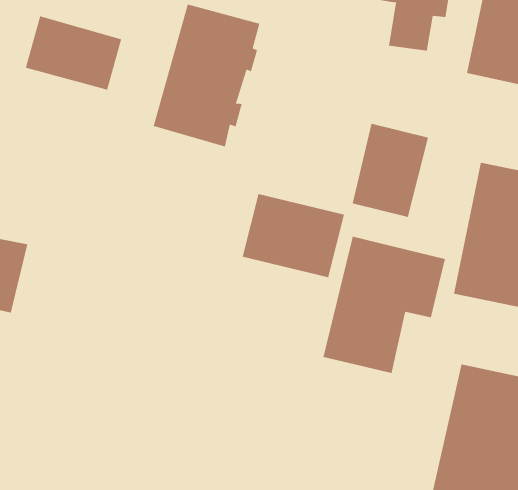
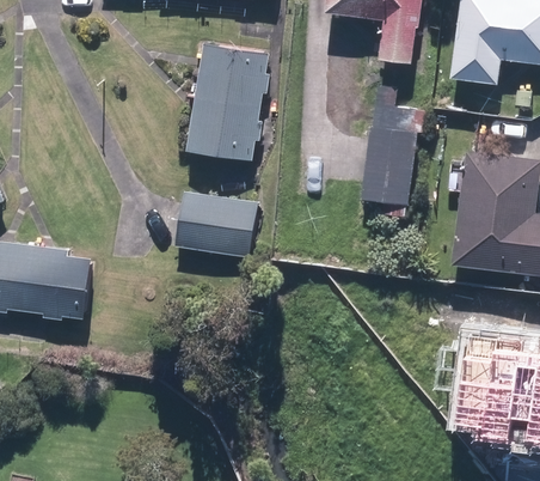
building: [25,15,122,90] -> none
building: [242,193,345,278] -> [174,191,258,257]
building: [323,236,446,374] -> none

